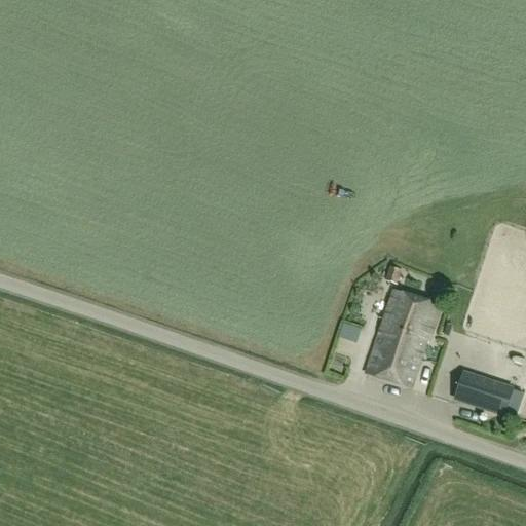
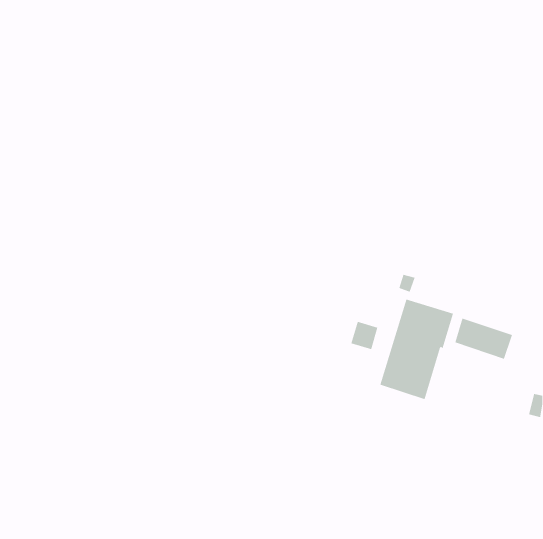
building: [455,372,512,412] -> [454,318,513,359]

